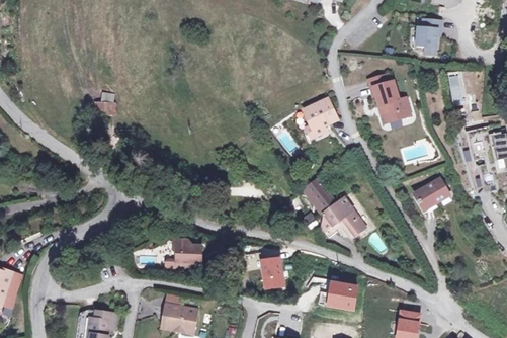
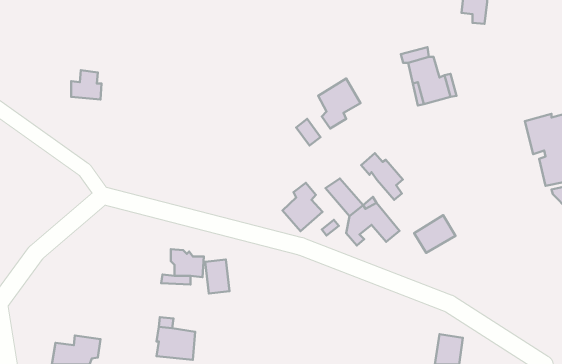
building: none -> [361,153,403,200]
building: [414,176,448,207] -> [414,215,455,253]
building: none -> [283,183,323,231]
building: [261,259,281,287] -> [205,259,229,294]
building: [317,283,355,310] -> none

